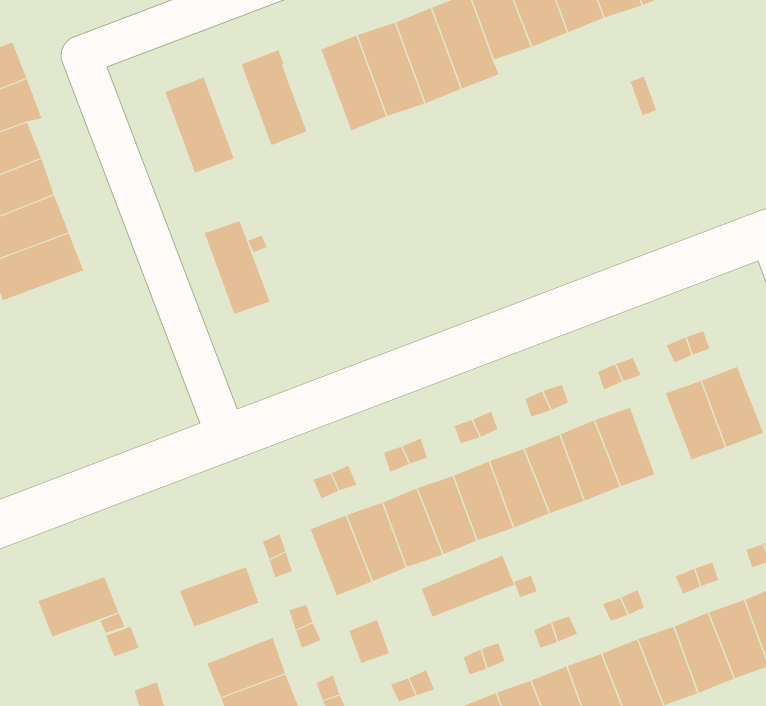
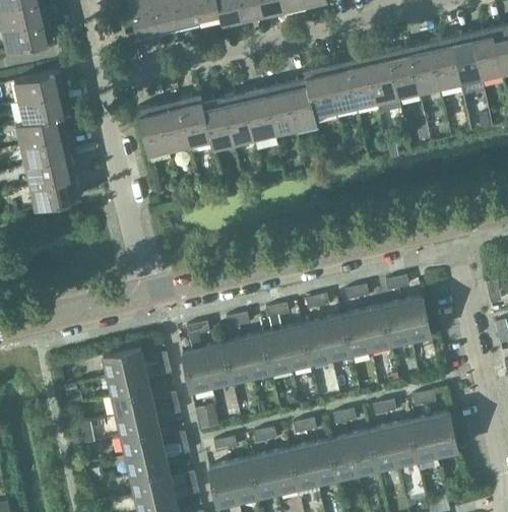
building: none -> [201,101,233,151]
building: [204,220,270,315] -> [158,103,189,152]
building: none -> [362,309,390,351]
building: [421,555,515,618] -> none
building: [38,576,119,637] -> [103,350,145,379]
building: none -> [113,391,154,420]

